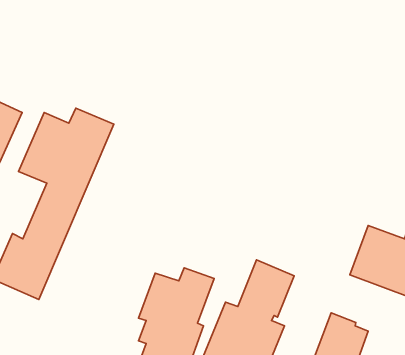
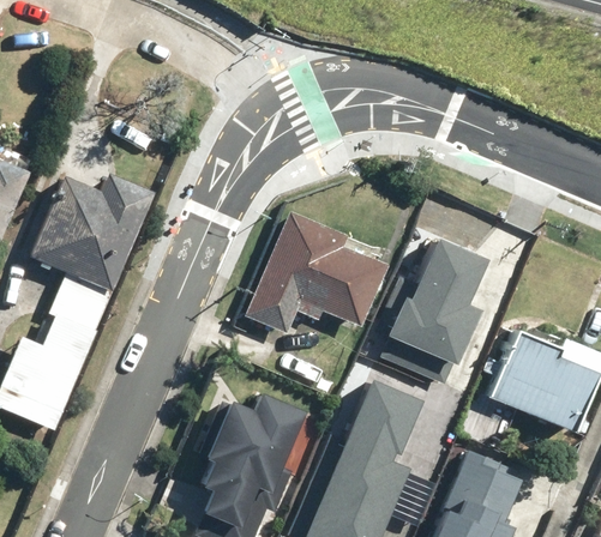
building: none -> [250,209,392,334]
building: none -> [373,235,489,388]

